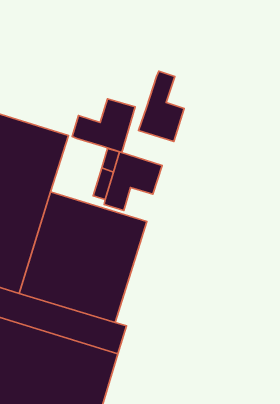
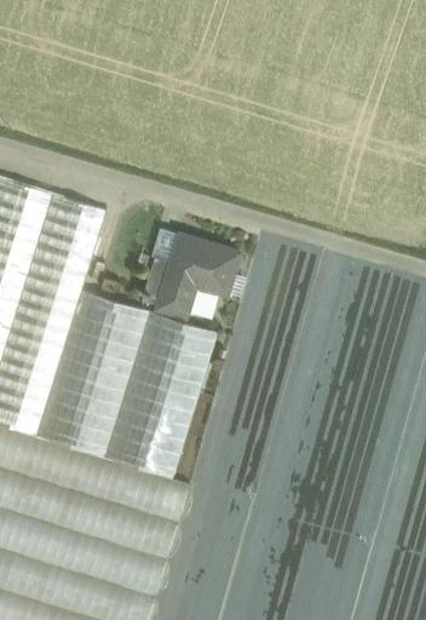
building: [139,71,184,142] -> none
building: [72,99,135,152] -> none

